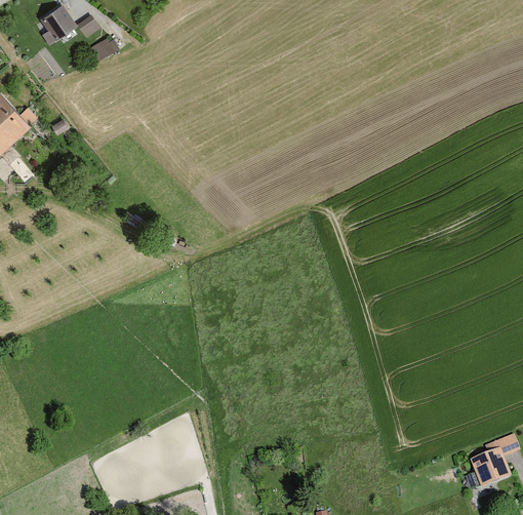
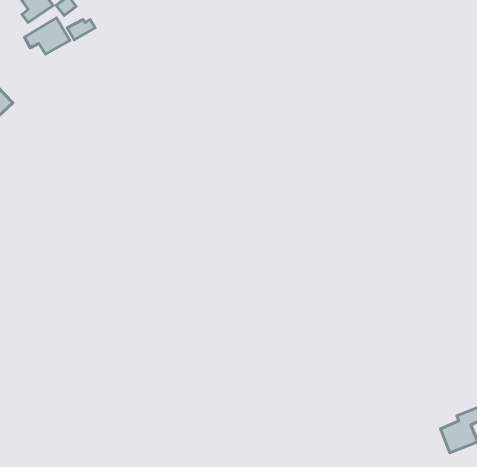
building: none -> [24,18,70,54]

